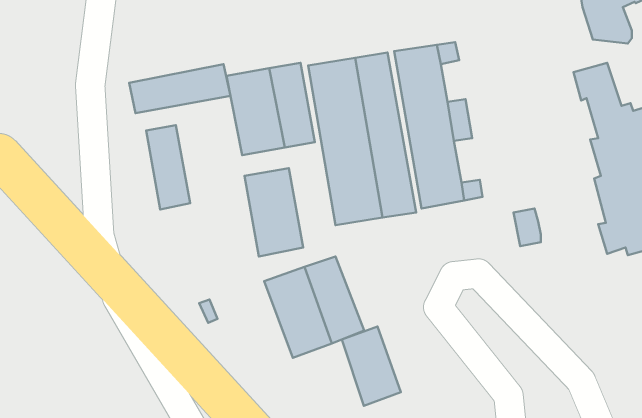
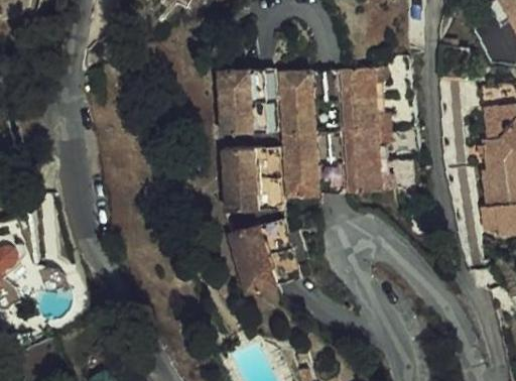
building: [129,64,230,113] -> none
building: [146,125,190,210] -> [241,151,275,217]
building: [342,327,401,406] -> none

